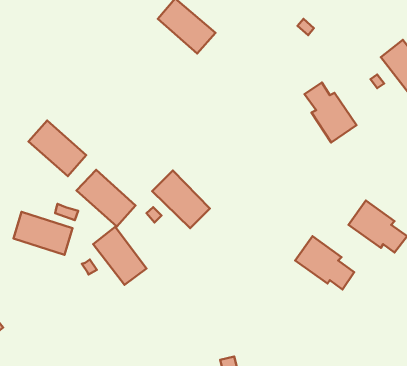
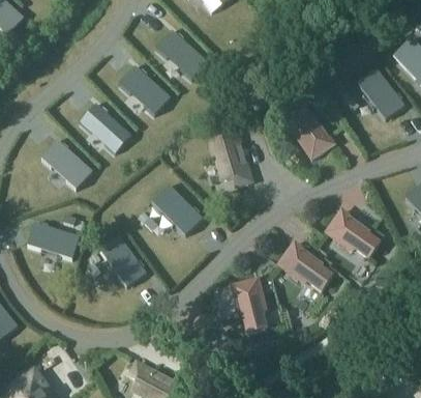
building: none -> [119,64,171,114]
building: none -> [210,131,250,183]
building: [77,170,135,226] -> [79,102,131,152]
building: none -> [232,279,266,332]

